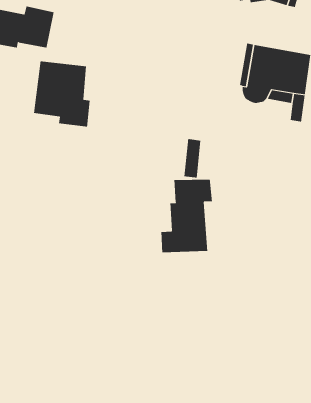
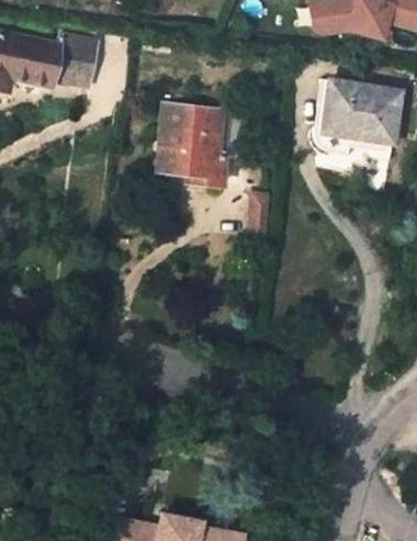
building: [33,61,90,127] -> [156,105,224,184]
building: [161,179,213,253] -> none

